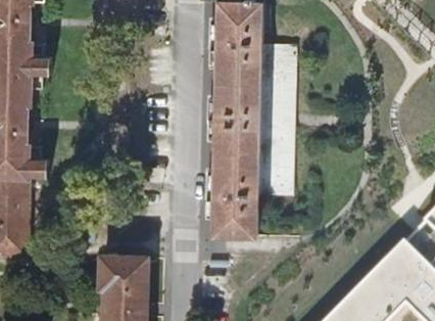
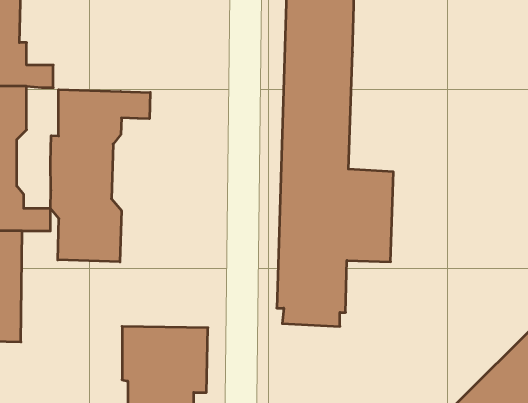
building: [262,51,298,138] -> none
building: none -> [50,90,150,262]

